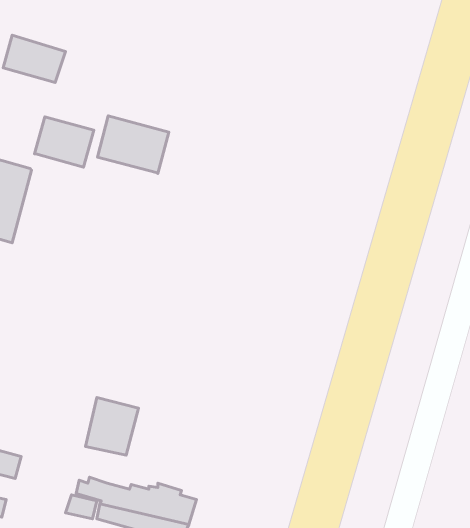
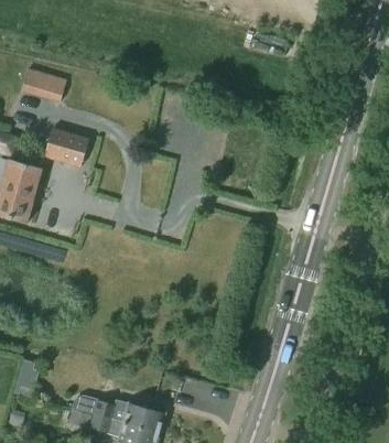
building: [97,116,169,174] -> none
building: [85,398,138,455] -> none

